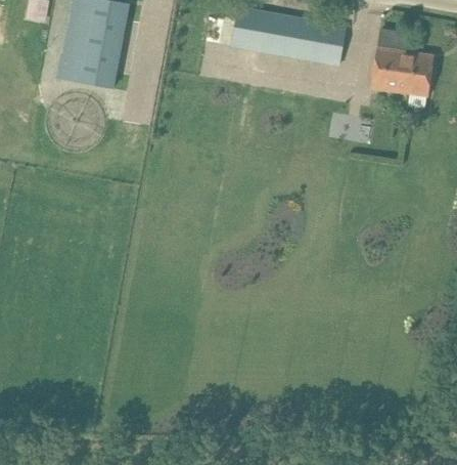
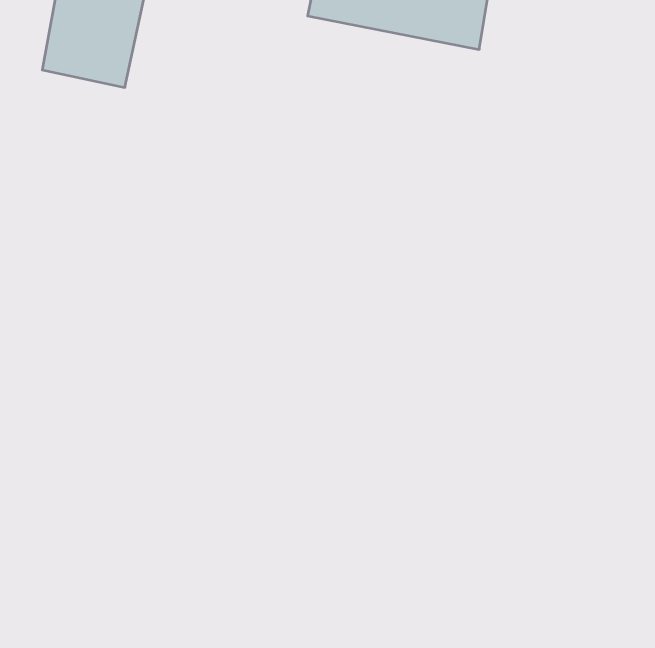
building: [372,47,435,96] -> none

